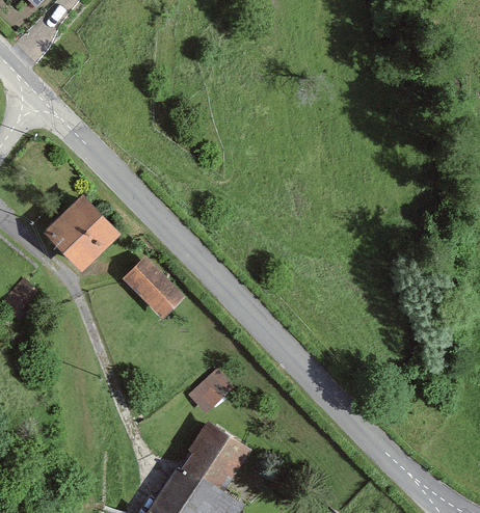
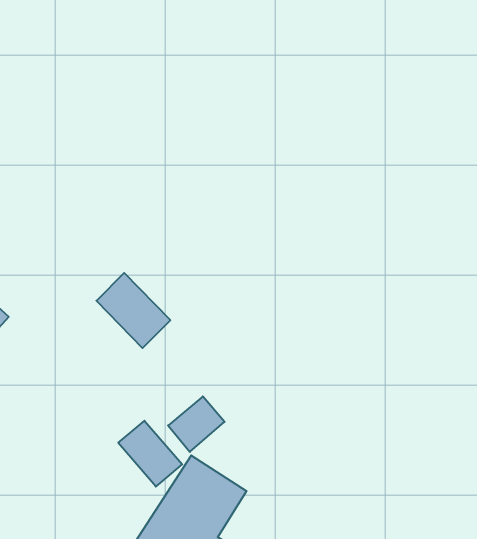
building: [43,191,124,272] -> none
building: none -> [118,421,182,487]

